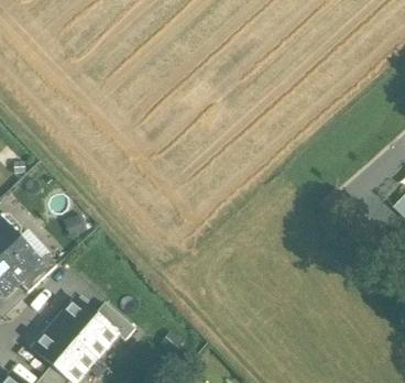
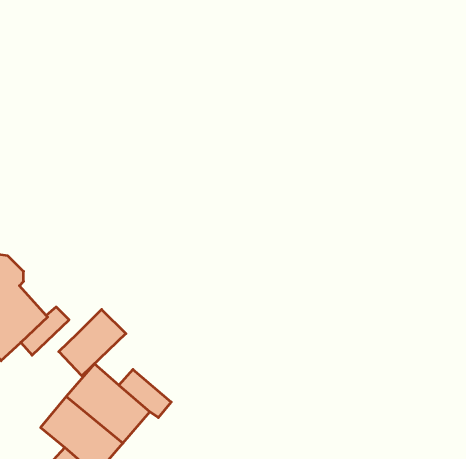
building: none -> [59,309,126,376]

